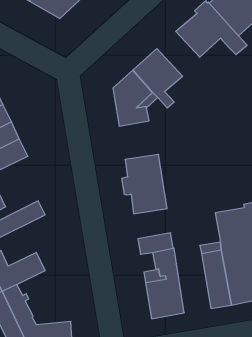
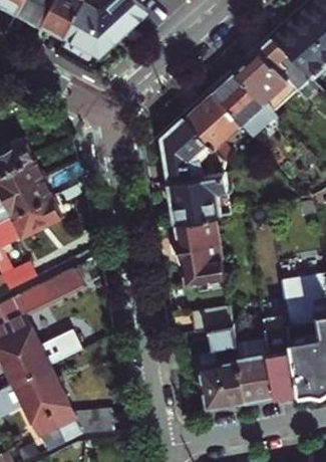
building: none -> [213,72,275,137]
building: none -> [169,174,227,222]
building: none -> [236,338,276,401]

